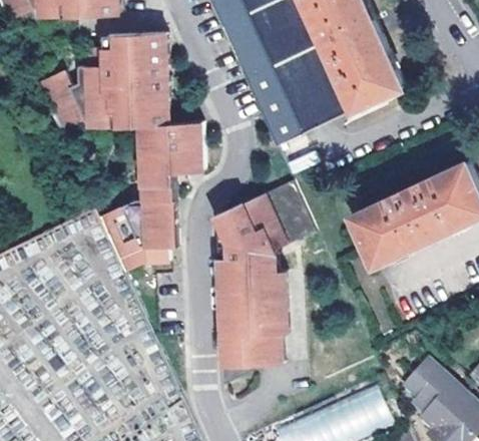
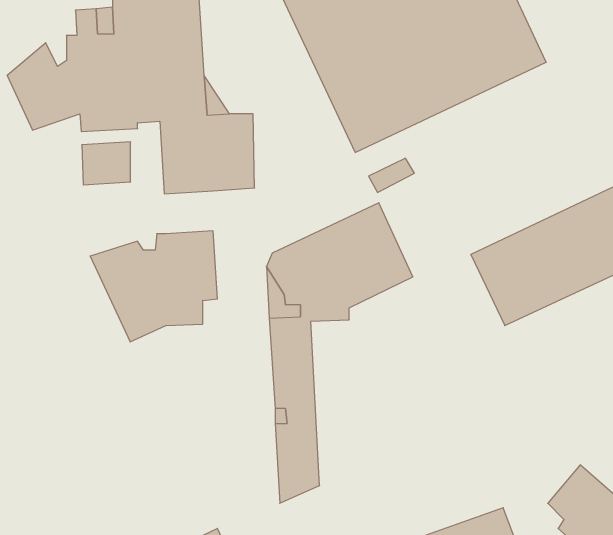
building: [145,171,178,200] -> [82,142,131,185]
building: [245,259,286,371] -> none

